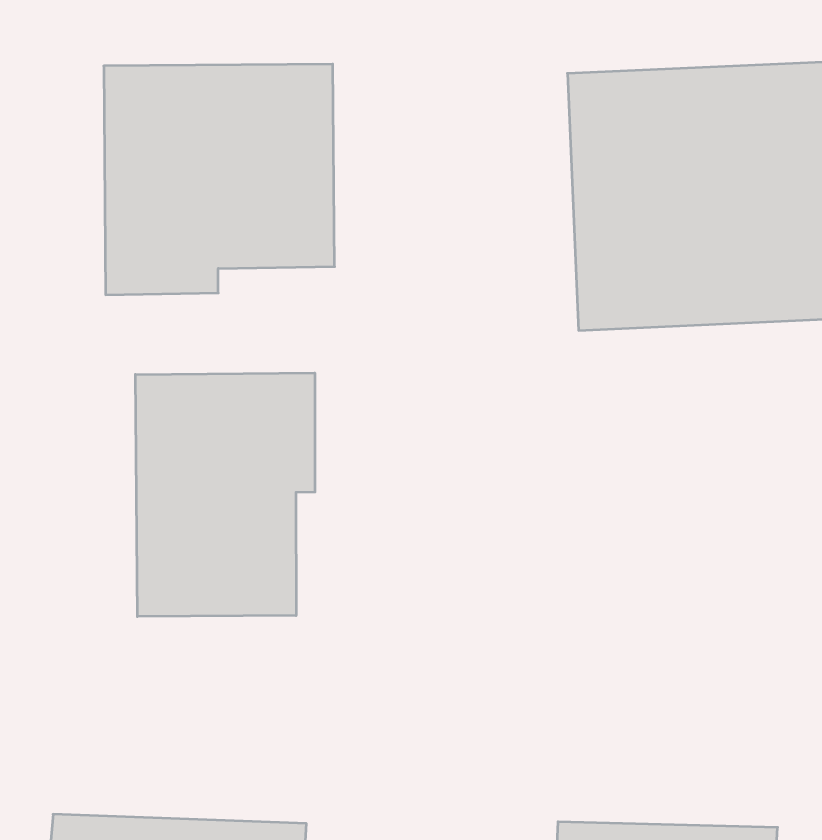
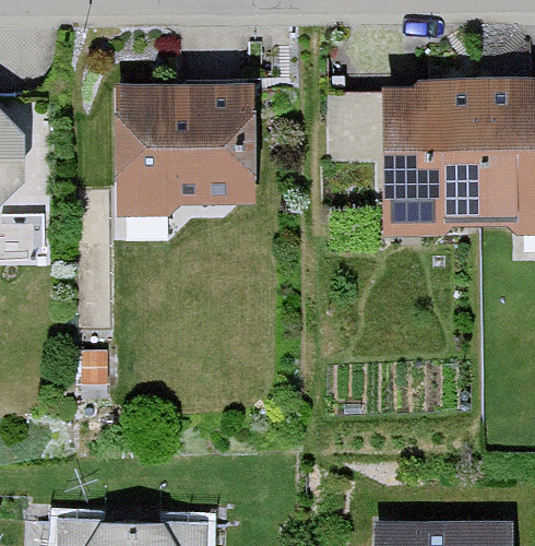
building: [135,373,315,617] -> none

